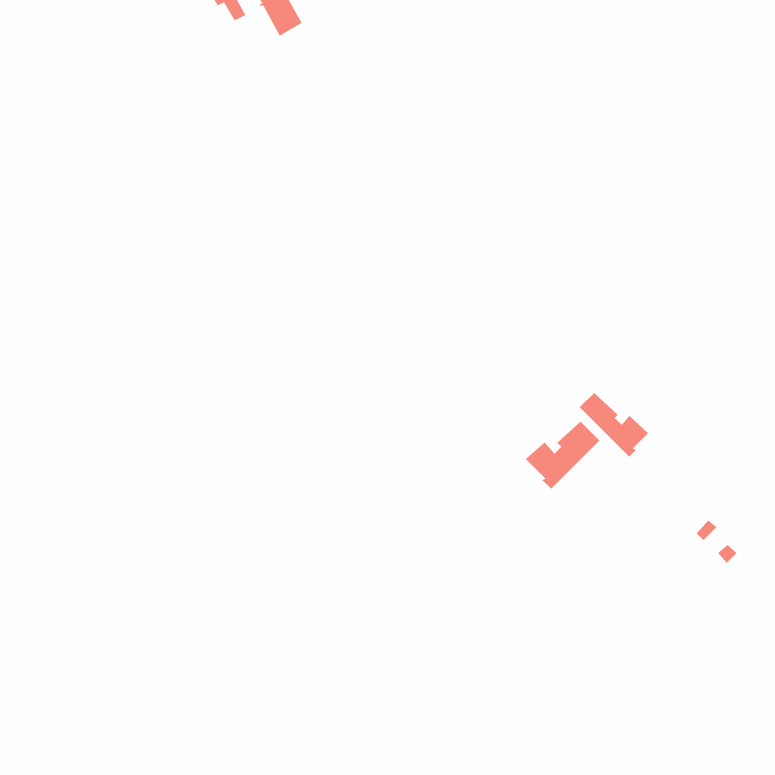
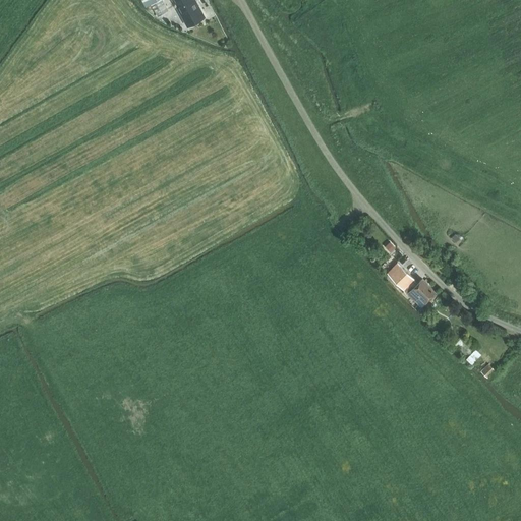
building: [525,421,600,490] -> none

